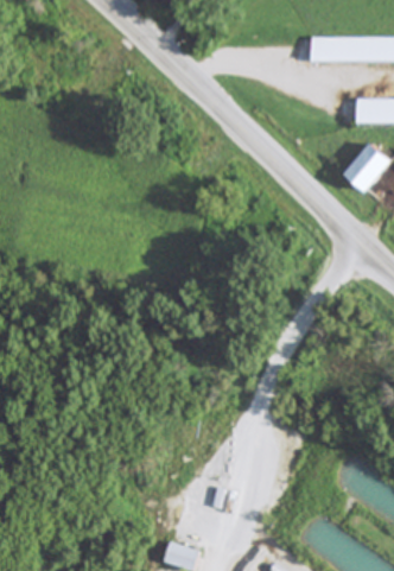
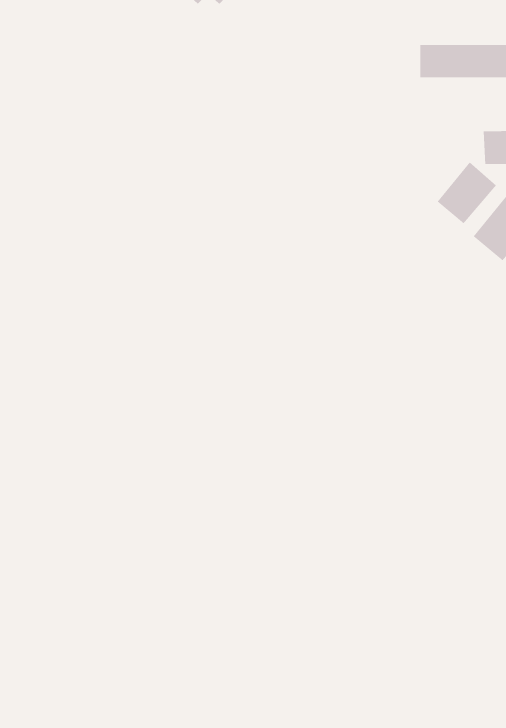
building: none -> [437,161,497,224]

